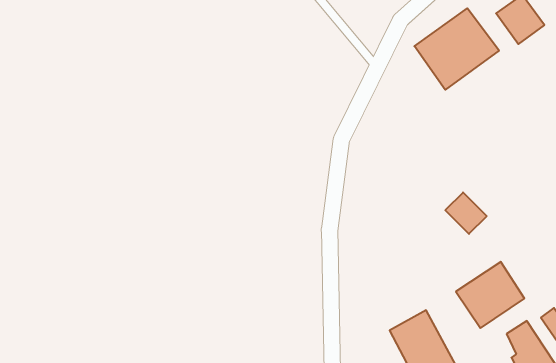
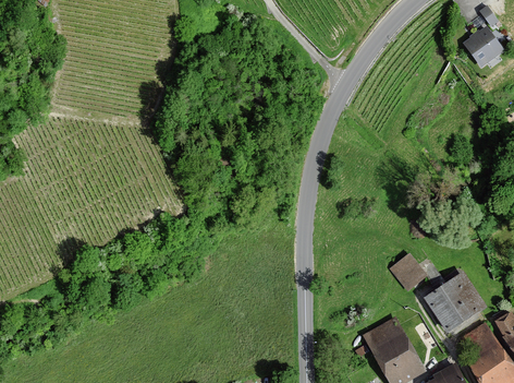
building: [414,8,499,90] -> none
building: [445,192,487,234] -> [387,253,425,291]

